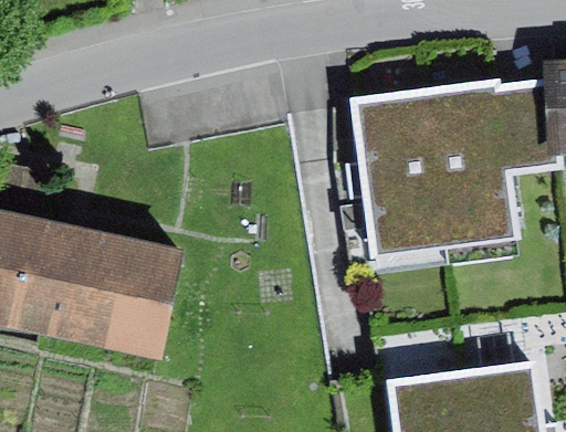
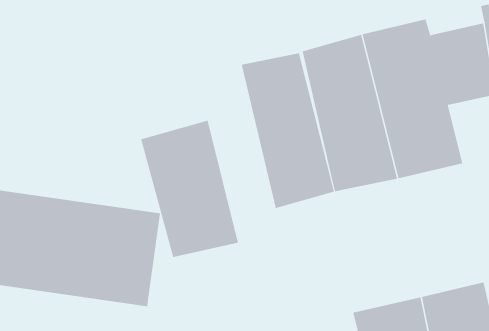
building: none -> [241,53,334,209]
building: none -> [141,120,239,258]

